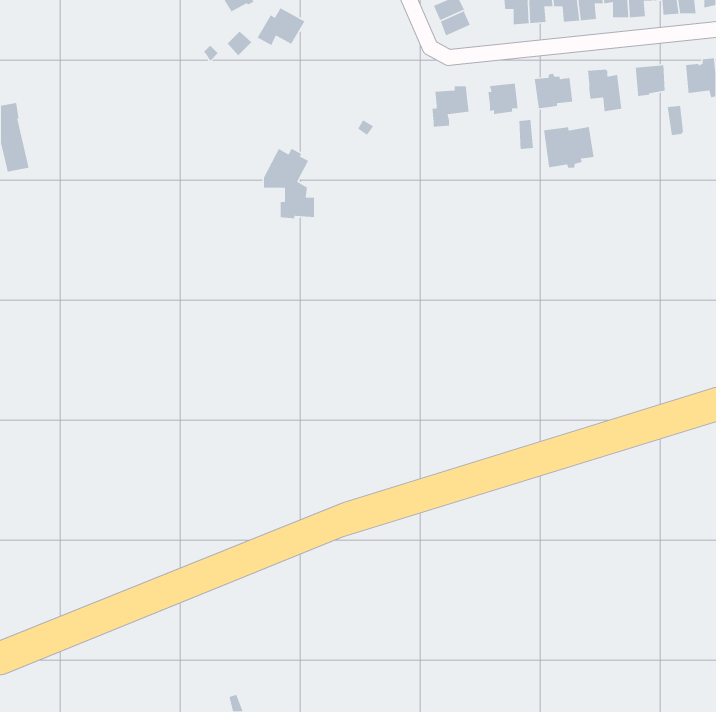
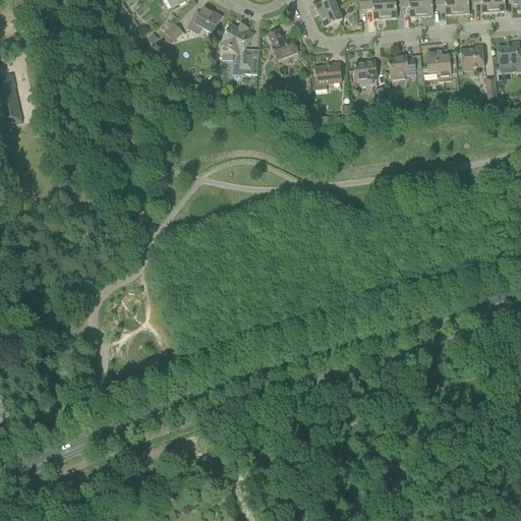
building: none -> [268,27,298,59]
building: [543,126,594,169] -> none
building: [263,148,315,219] -> [220,23,257,75]

